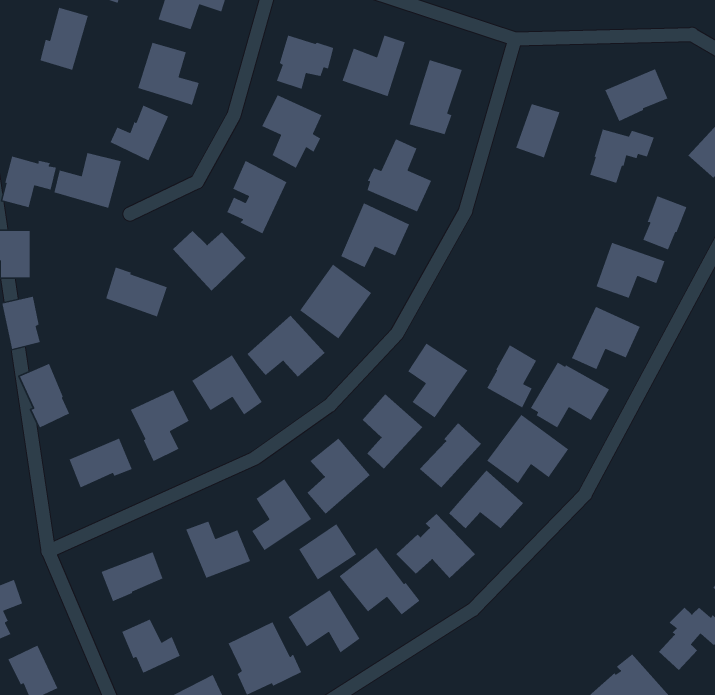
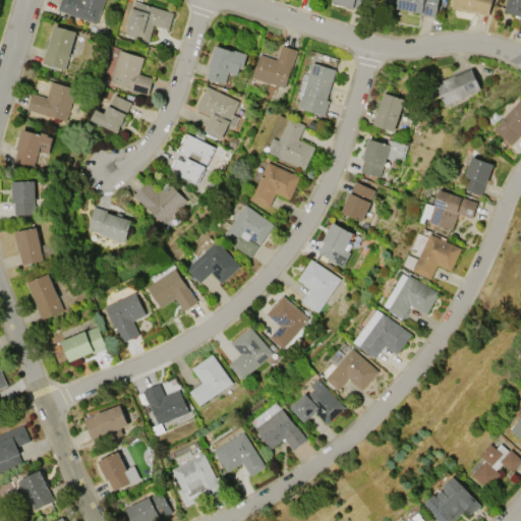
building: [589,128,655,184] -> [359,139,405,178]
building: [53,152,122,209] -> [27,82,75,122]
building: none -> [341,182,374,223]
building: [486,344,537,409] -> [316,223,352,268]
building: [419,422,482,488] -> none
building: [298,523,357,580] -> none

